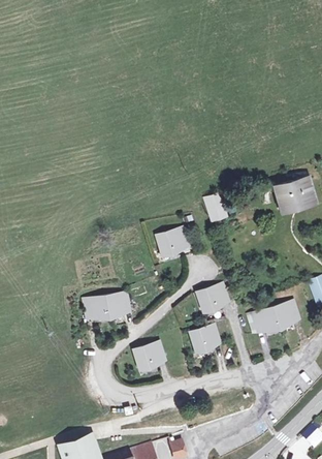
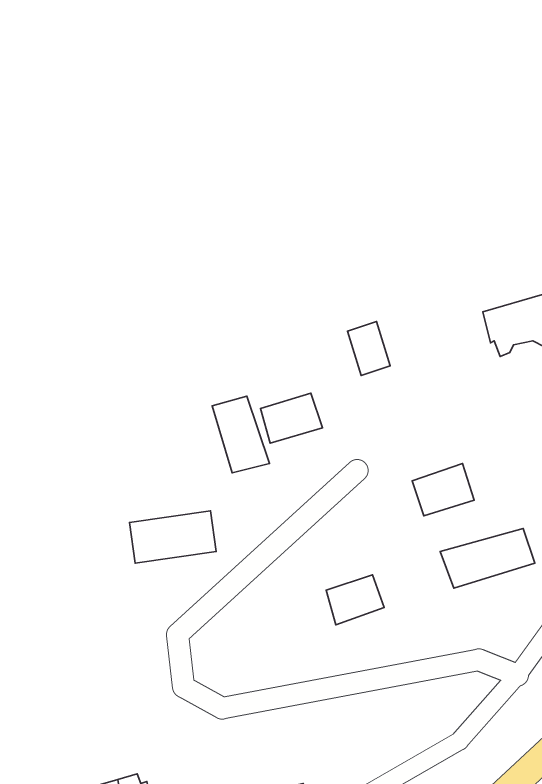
building: none -> [212,396,269,473]
building: [193,283,226,311] -> [412,464,474,516]
building: [130,342,163,368] -> none

